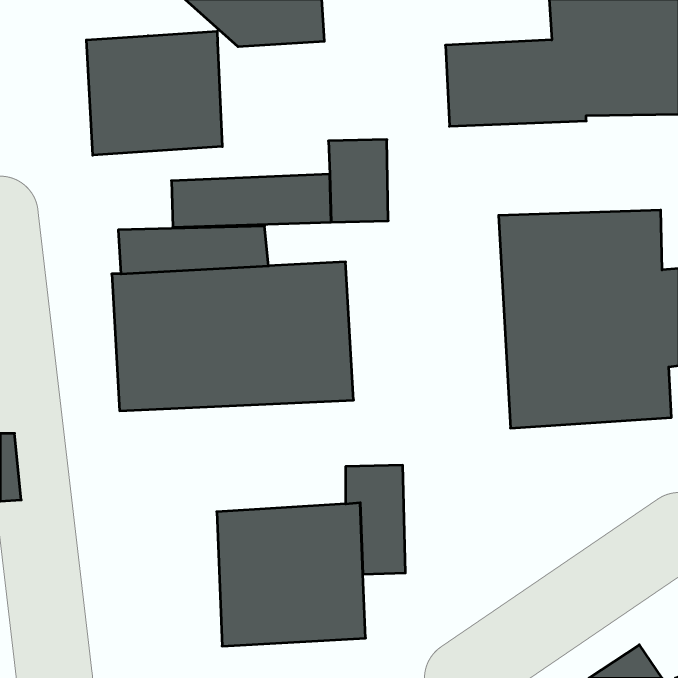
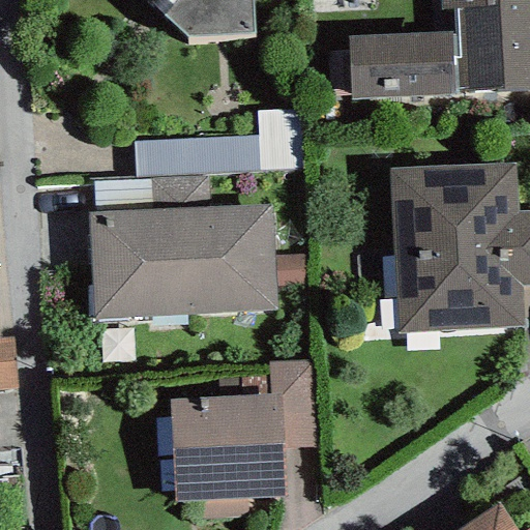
building: [86,31,222,155] -> none

